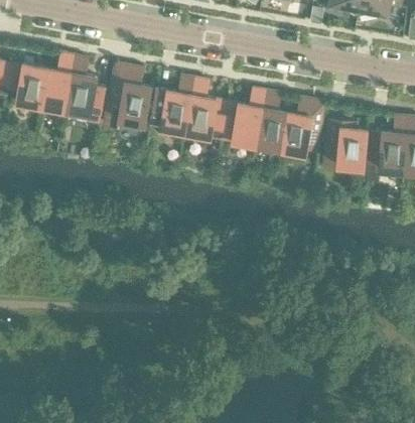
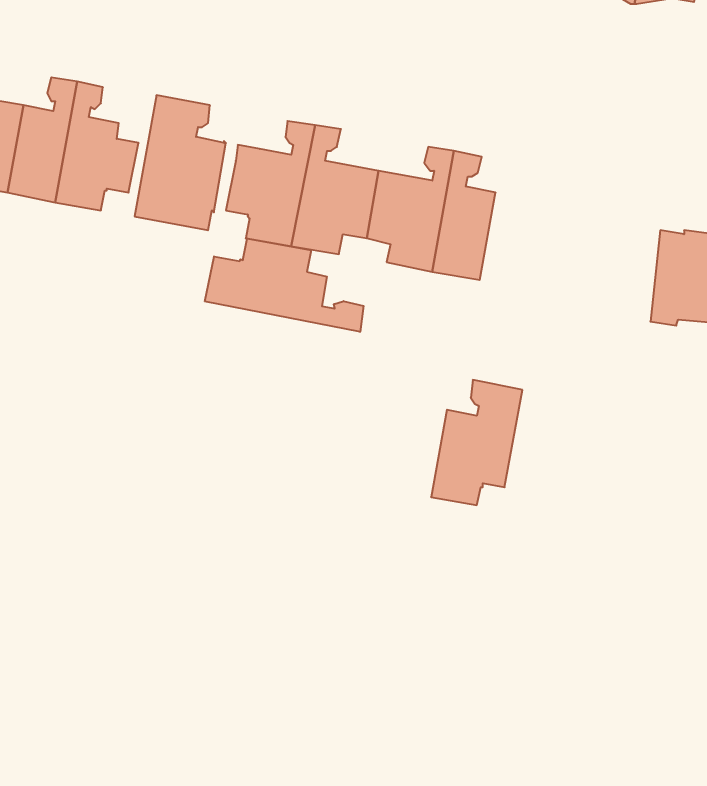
building: [280,96,326,159] -> [431,380,522,505]
building: [324,119,368,167] -> none
building: none -> [205,238,364,332]

